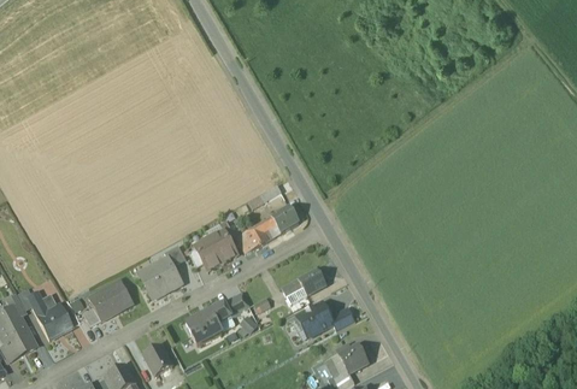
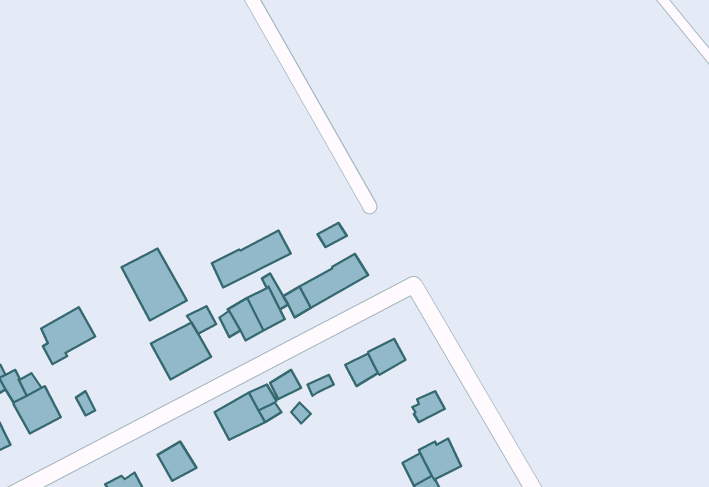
building: none -> [212,231,291,287]
building: none -> [121,248,187,321]
building: [93,278,133,320] -> [41,307,95,364]
building: [296,302,334,337] -> none

